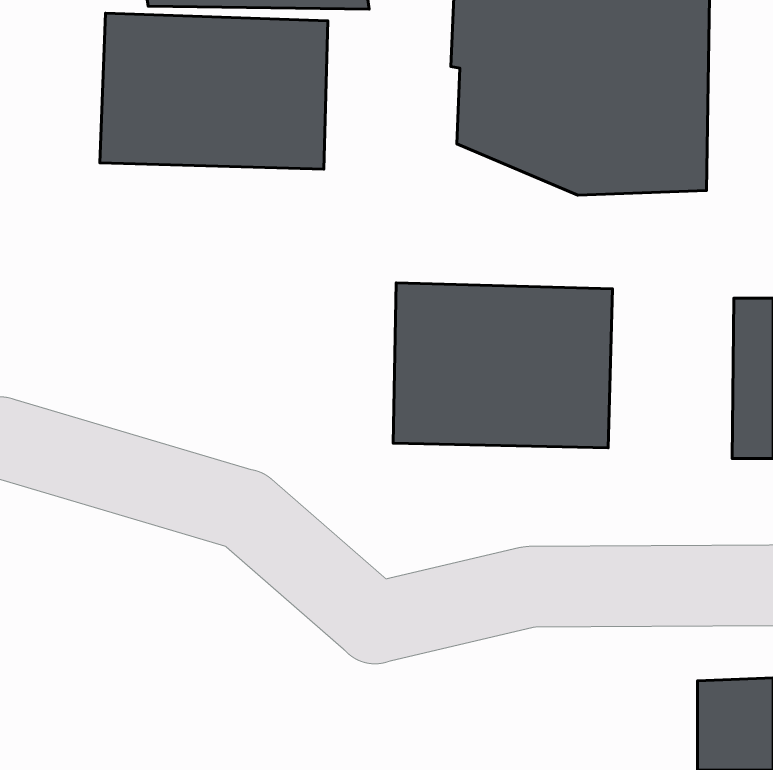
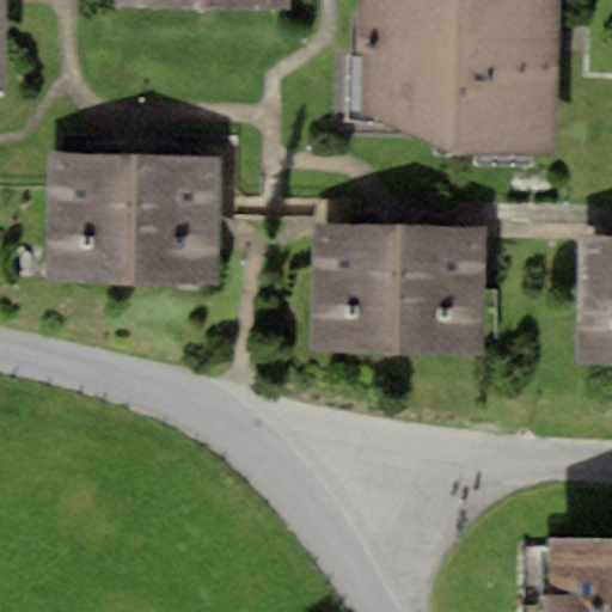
building: [100,13,328,169] -> none
building: none -> [47,151,221,282]

